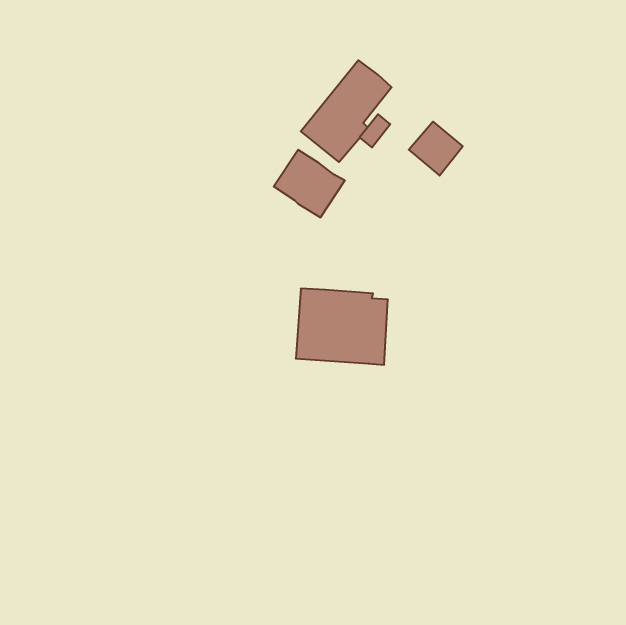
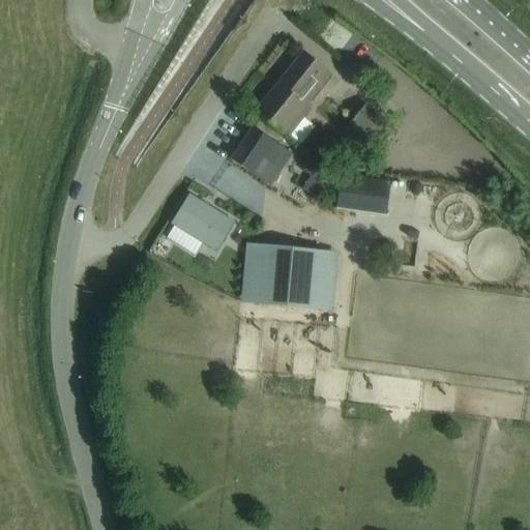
building: none -> [336,173,392,213]
building: none -> [173,196,236,253]

